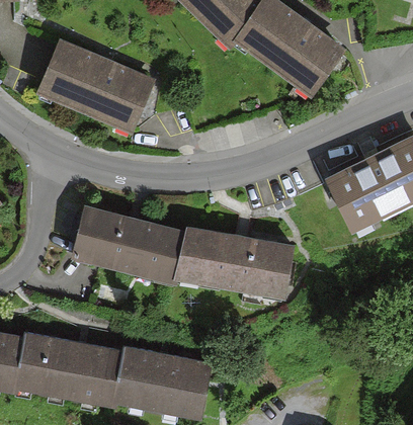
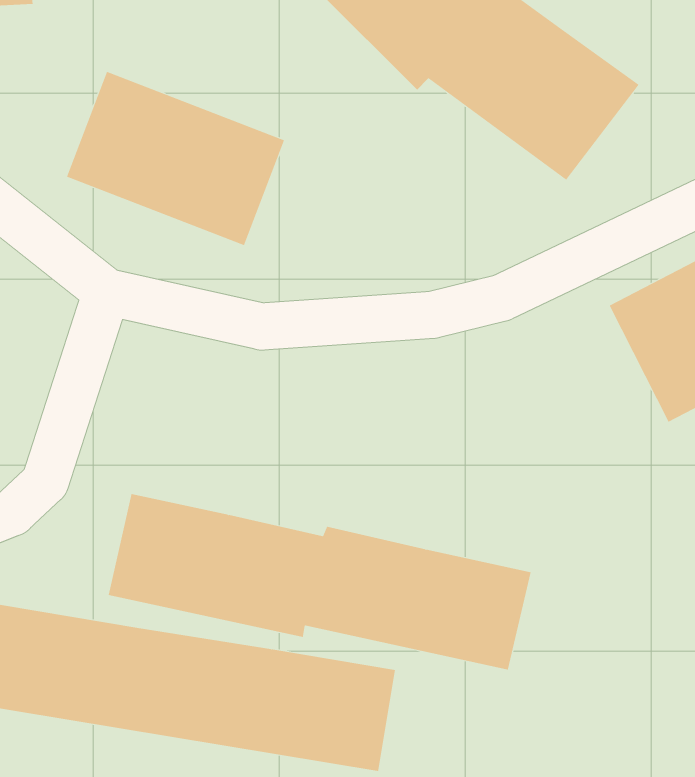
building: [72,205,296,299] -> [108,494,532,670]

